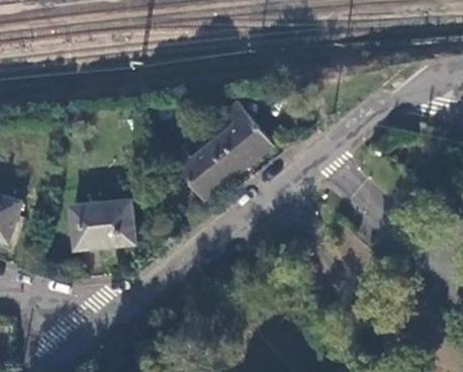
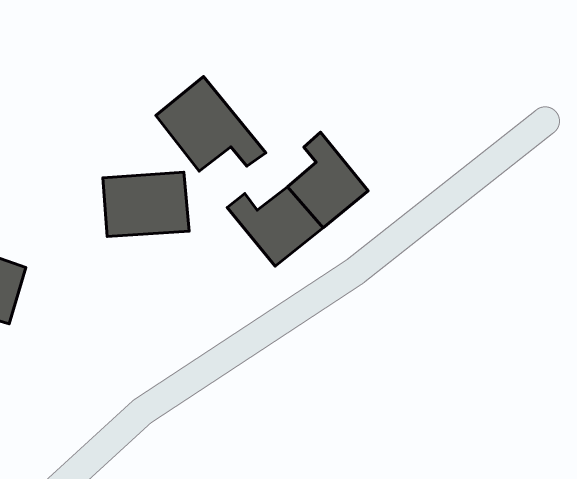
building: none -> [156,77,266,171]
building: [72,201,135,249] -> [103,172,189,237]

